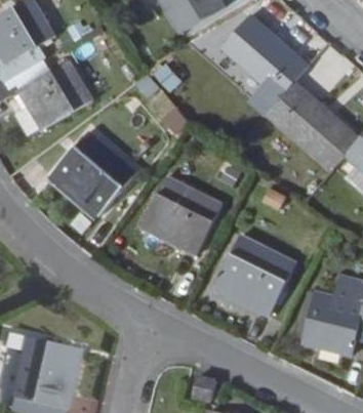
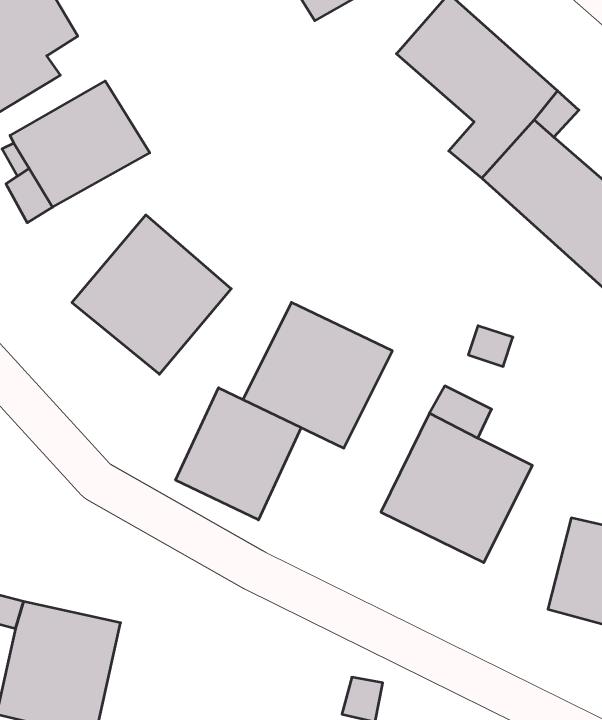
building: none -> [176,388,301,520]

